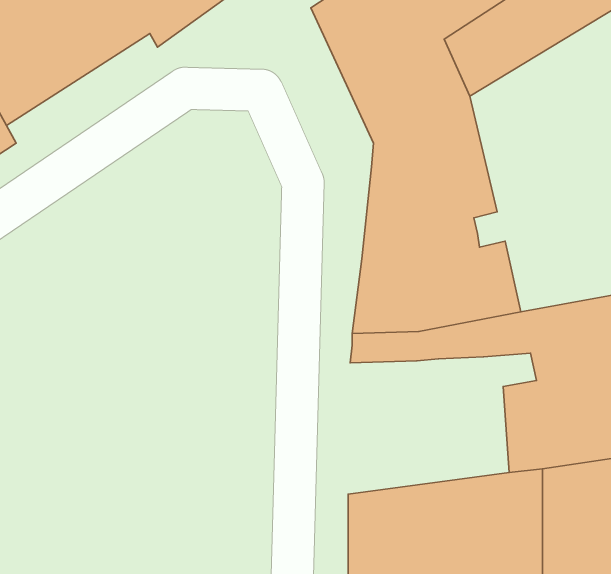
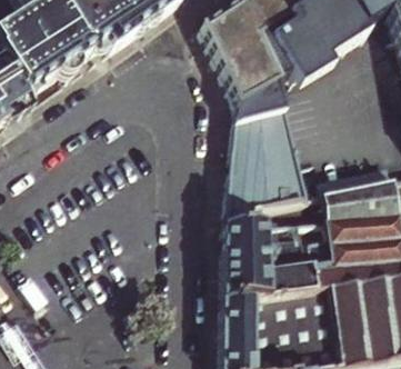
building: none -> [222,217,329,297]

